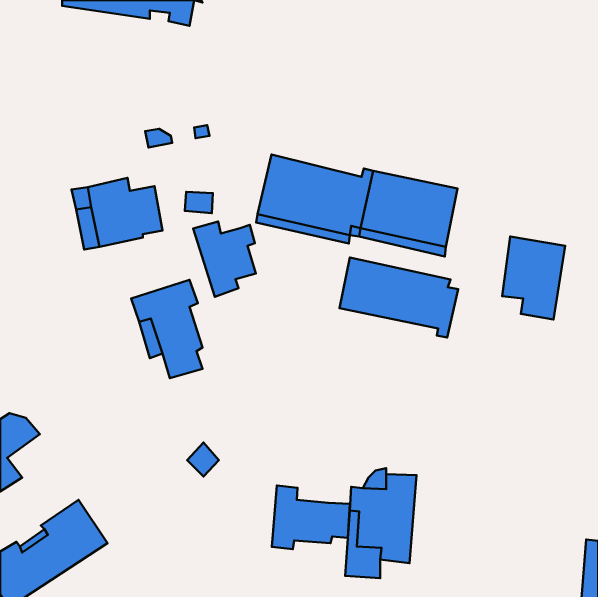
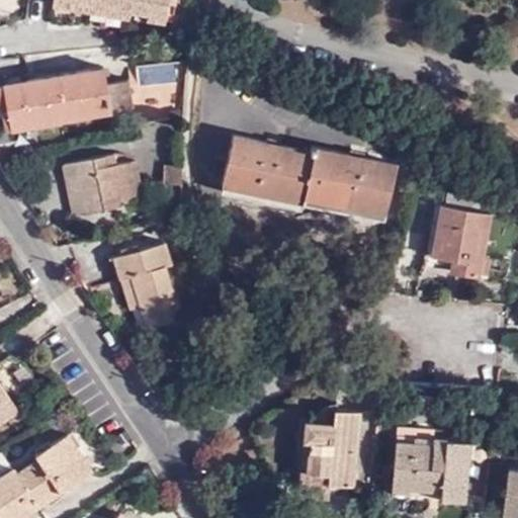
building: none -> [5,68,133,130]
building: [193,222,256,297] -> none
building: [339,257,458,338] -> none
building: [272,485,350,549] -> none
building: none -> [393,438,470,501]

